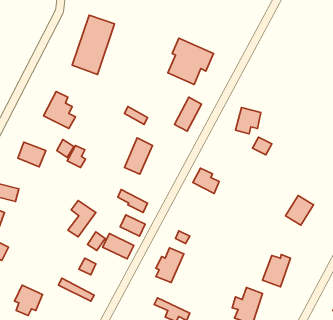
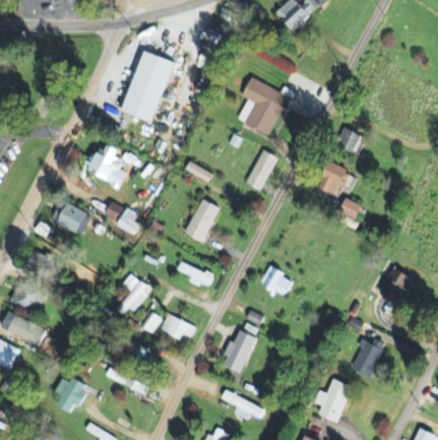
building: none -> [335,127,364,154]
building: [193,168,219,193] -> [260,265,292,296]
building: [120,215,145,236] -> none

